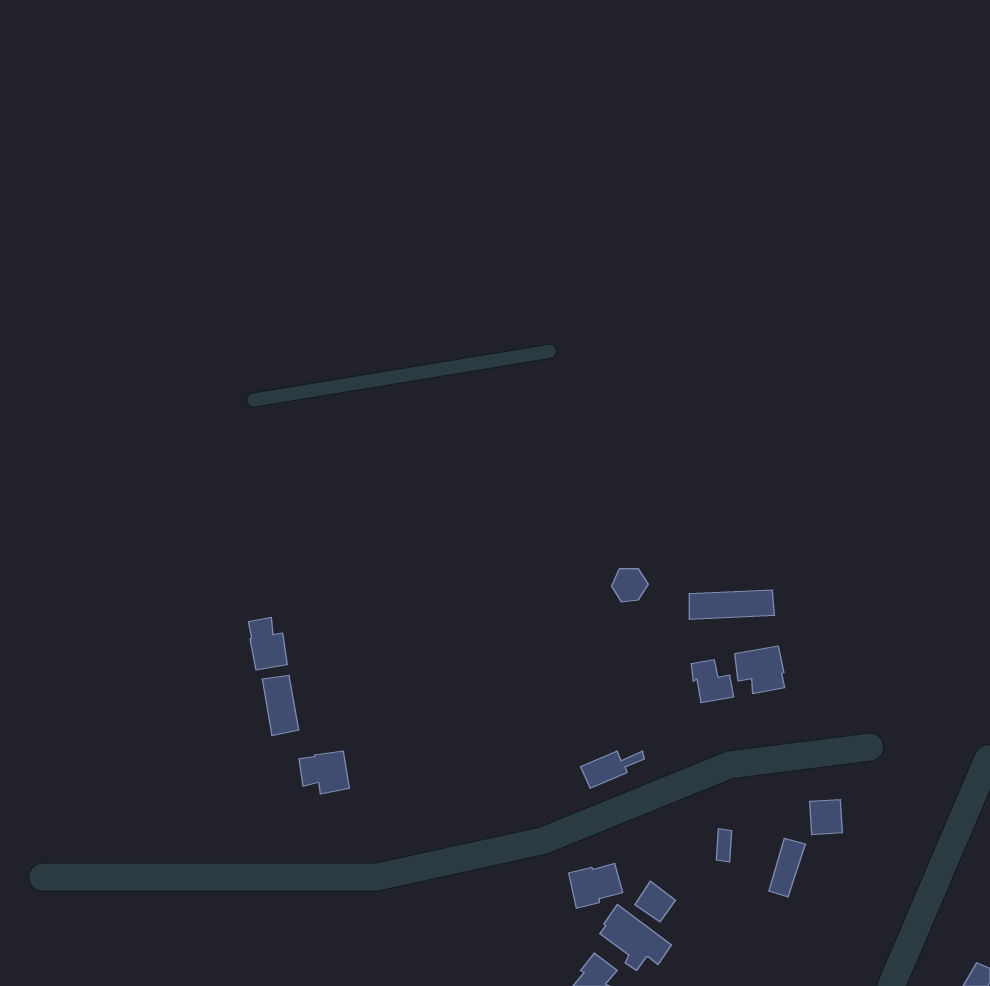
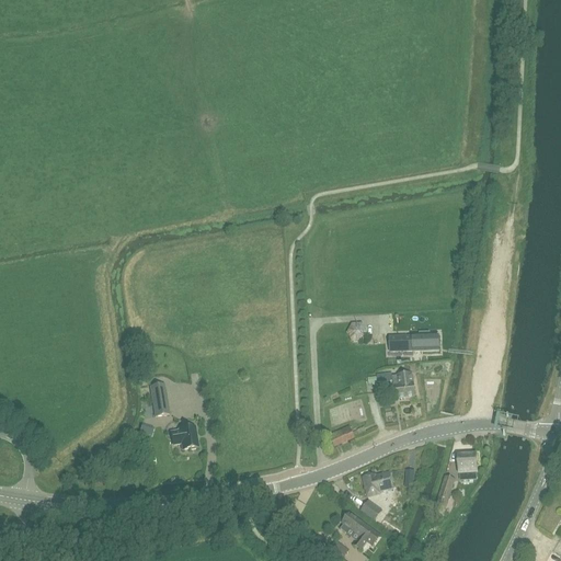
building: [248,617,287,670] -> none
building: [735,646,785,694] -> none
building: [568,864,623,908] -> [362,470,392,495]

